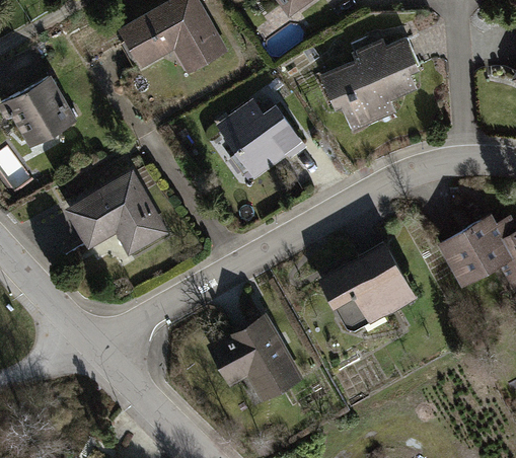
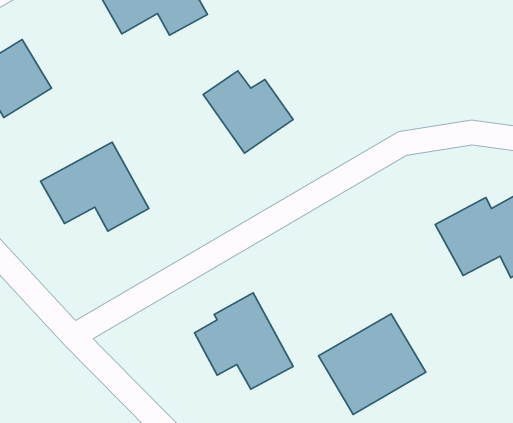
building: [317,43,423,135] -> none
building: [316,242,417,336] -> [318,314,426,414]

